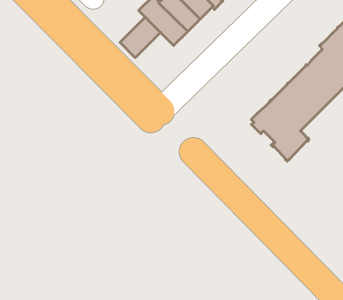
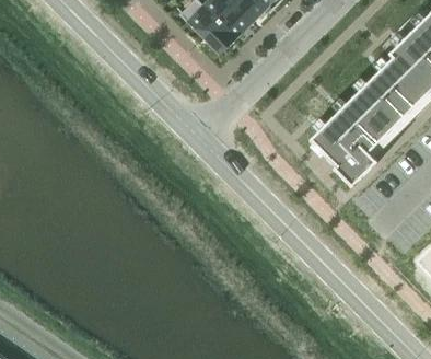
building: [120,17,161,58] -> none

